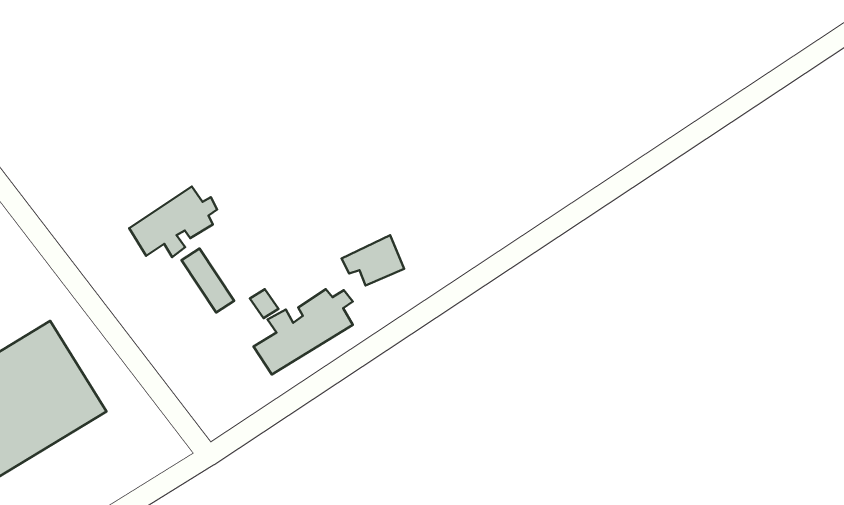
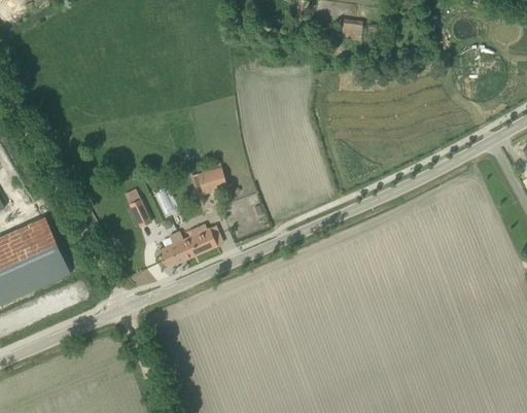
building: [129,187,217,257] -> none
building: [342,235,404,286] -> [191,166,226,193]

